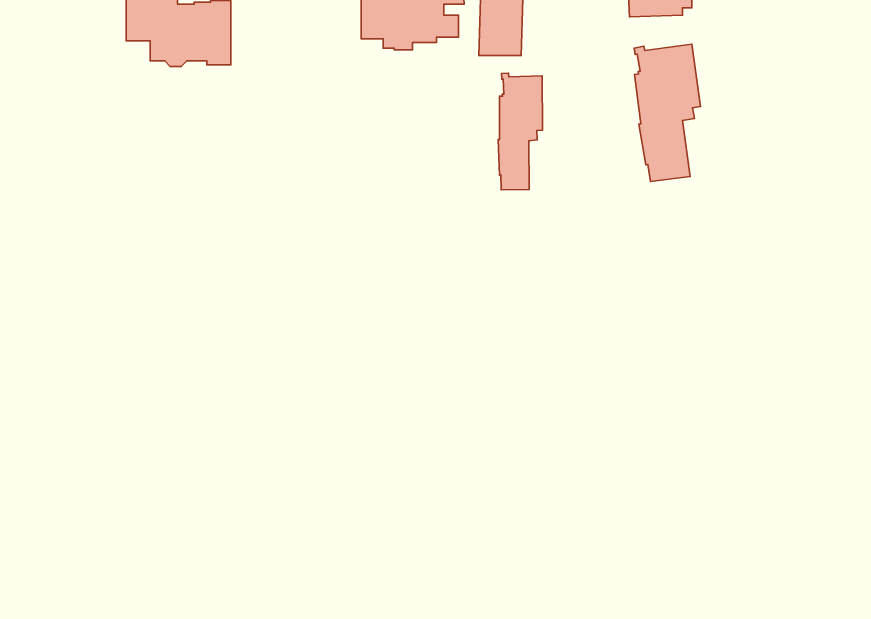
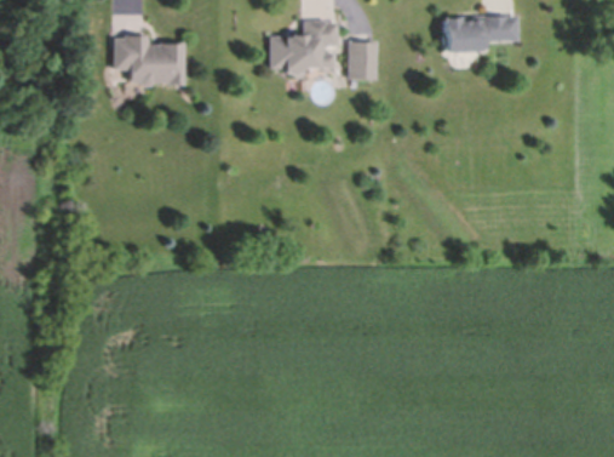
building: [634,44,700,182] -> none
building: [498,73,543,190] -> none

